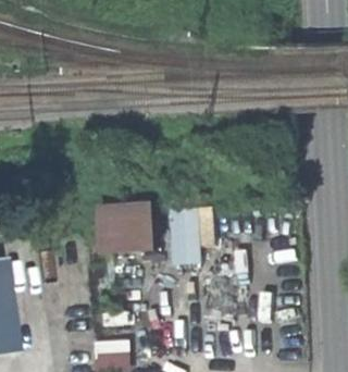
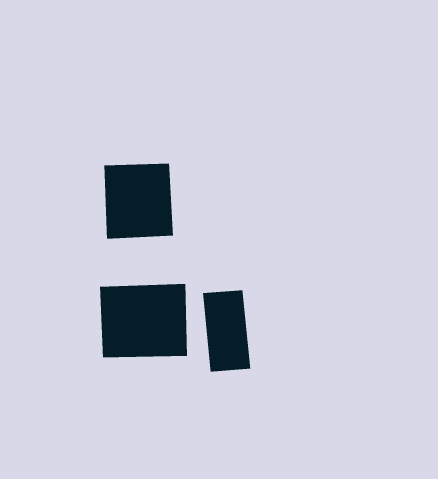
building: none -> [104,163,174,240]

